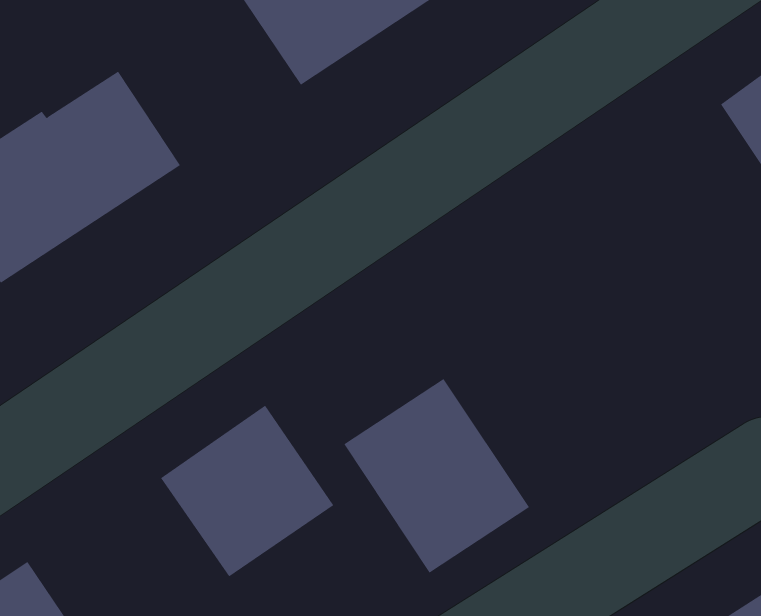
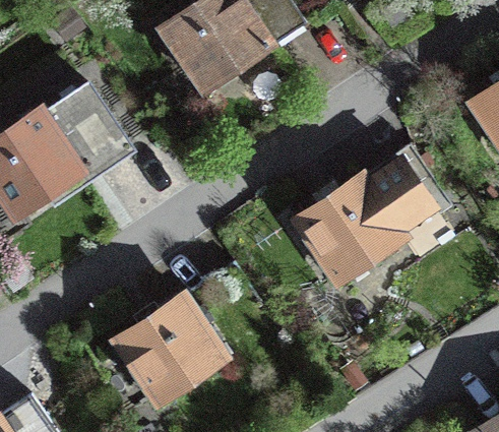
building: none -> [293,161,434,286]
building: [343,378,530,573] -> none

